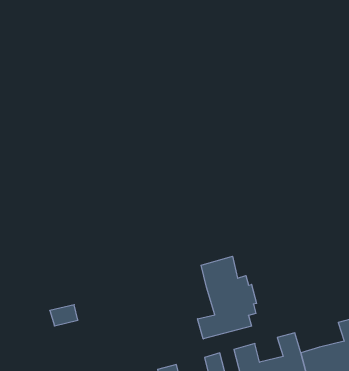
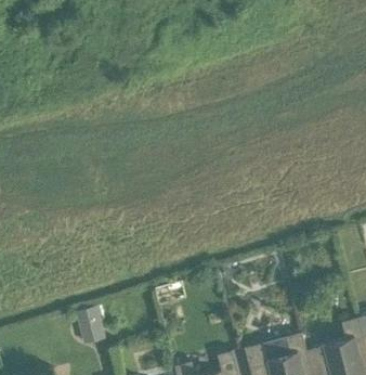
building: [198,256,257,339] -> none

